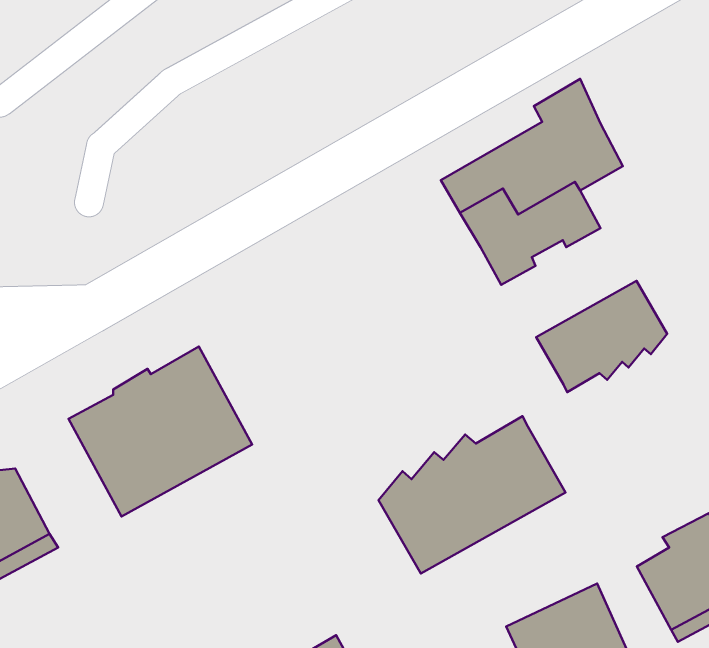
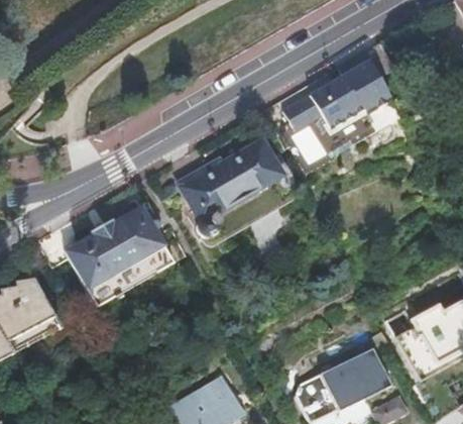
building: none -> [177,139,292,236]
building: [536,281,667,392] -> none
building: [378,416,566,573] -> none

